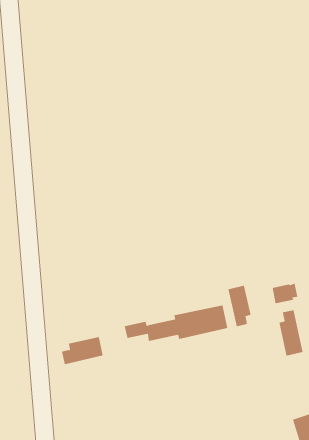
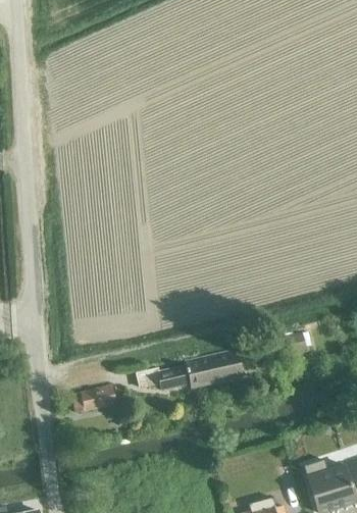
building: [228,285,251,327] -> none
building: [279,309,303,357] -> none

